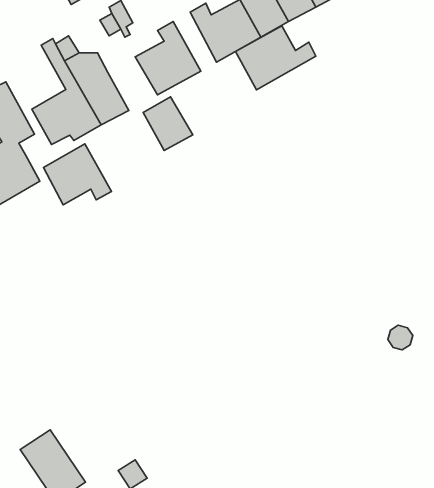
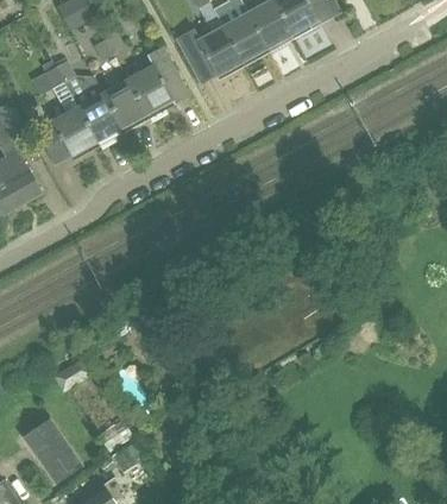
building: [235,26,316,90] -> none
building: [143,97,193,151] -> [103,81,149,130]
building: [43,144,112,205] -> none

